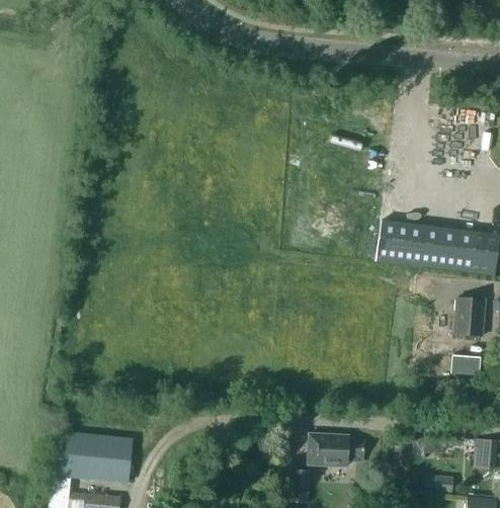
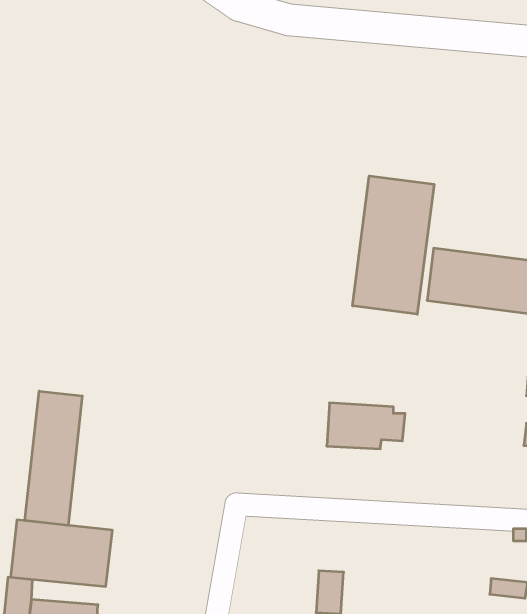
building: none -> [353,176,434,314]
building: none -> [25,391,82,525]
building: [306,431,366,467] -> [327,403,405,449]

